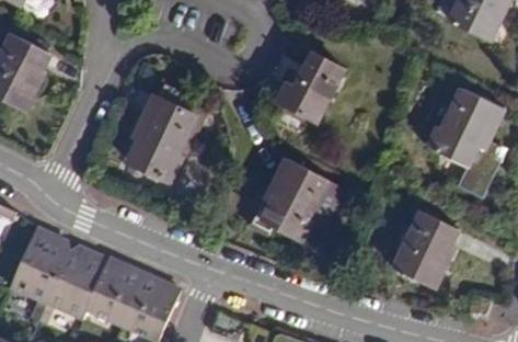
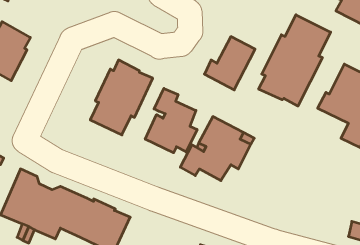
building: none -> [259,15,331,106]
building: none -> [145,88,197,153]
building: [393,210,460,288] -> none

